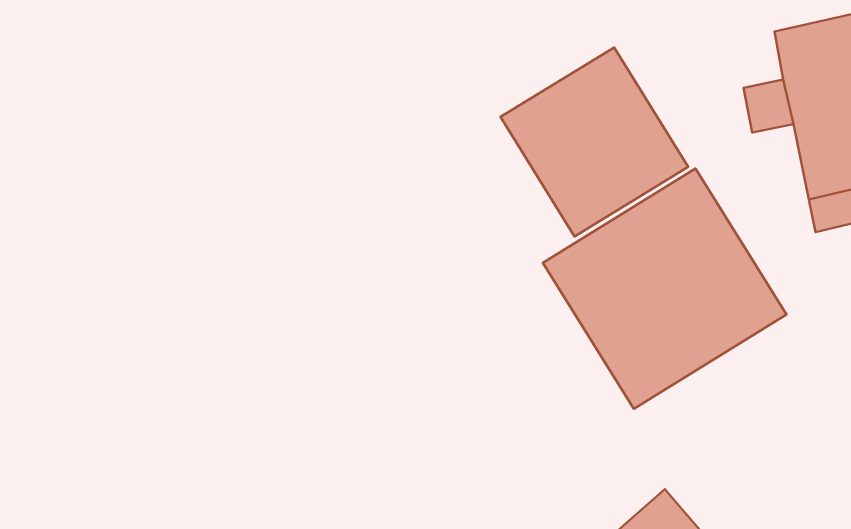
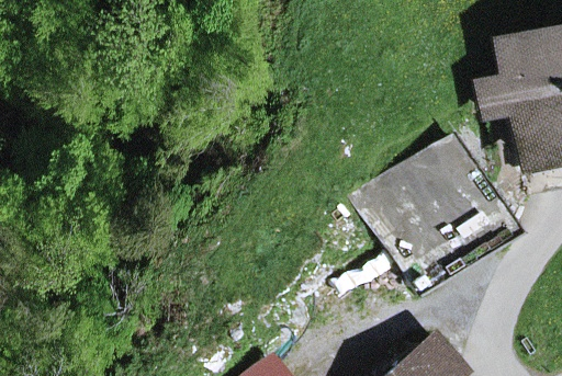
building: [500,47,688,237] -> none

